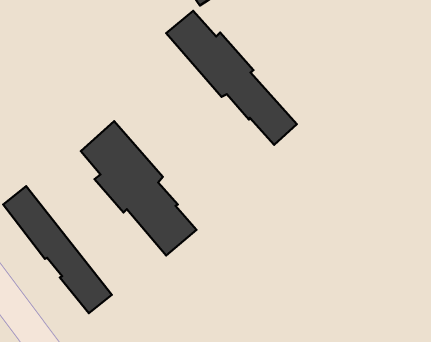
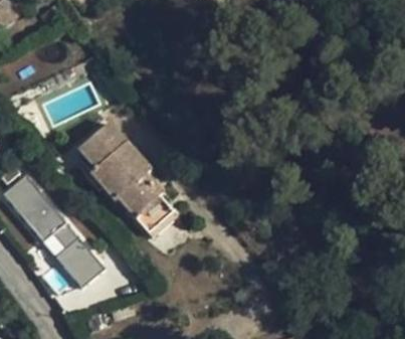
building: [166,11,297,145] -> none

